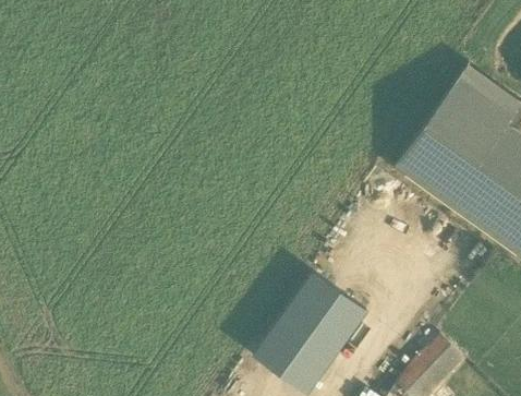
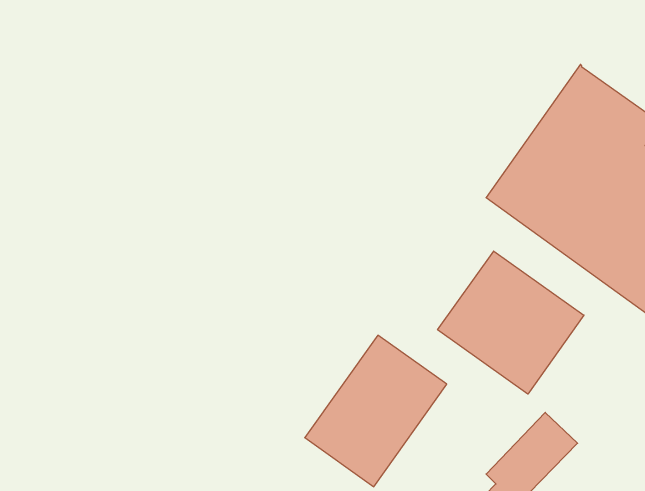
building: none -> [438,251,584,394]

